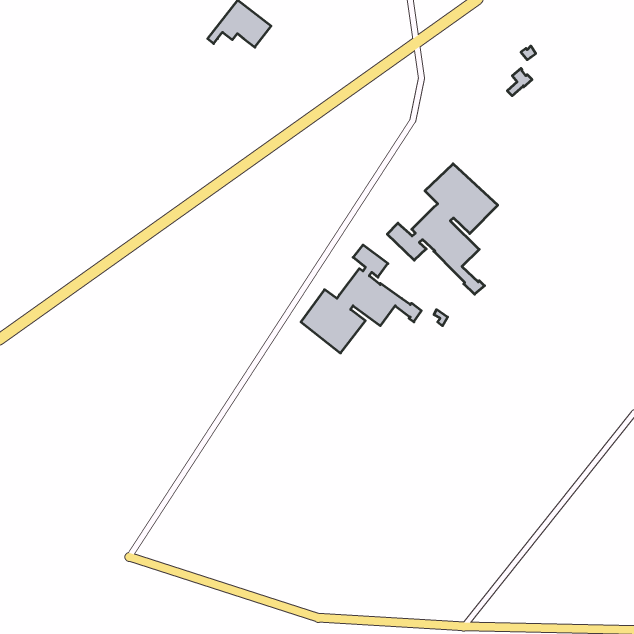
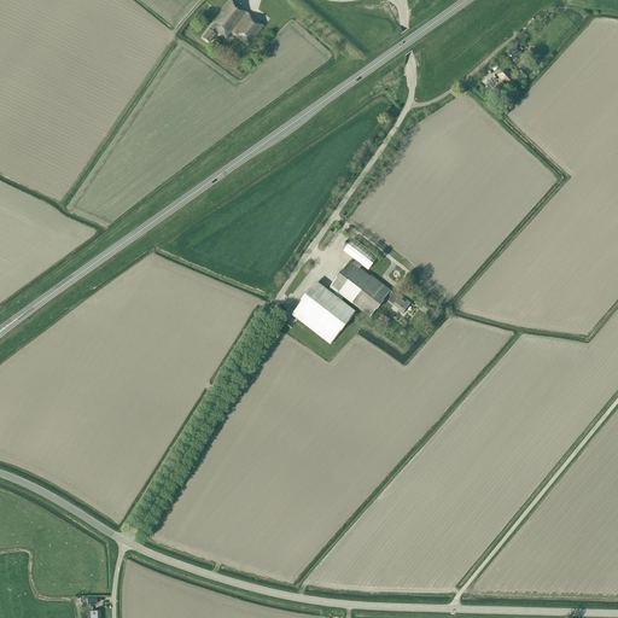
building: [387,164,498,294] -> none

